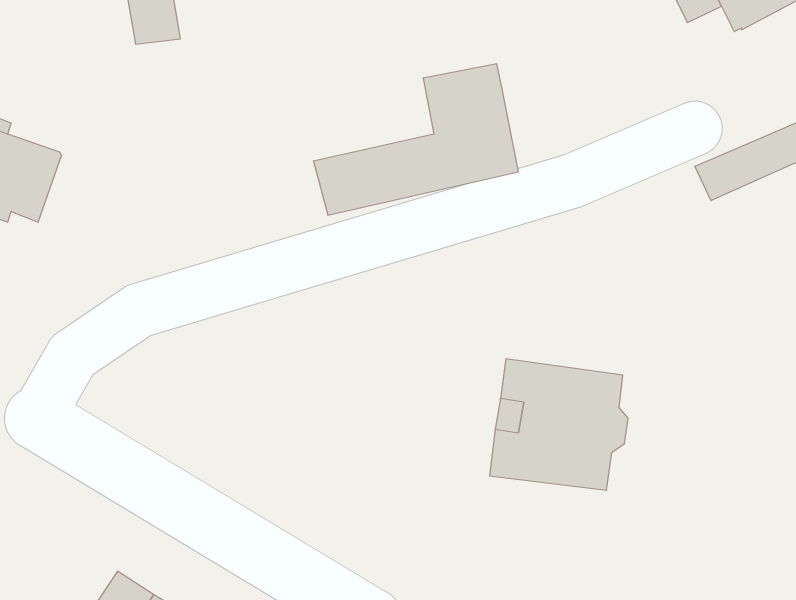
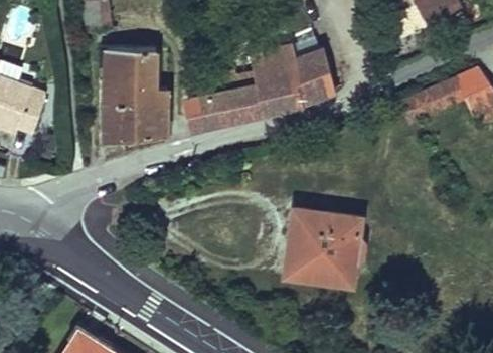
building: none -> [103,47,167,139]
building: none -> [293,47,335,105]

